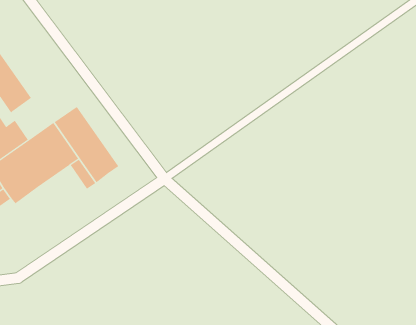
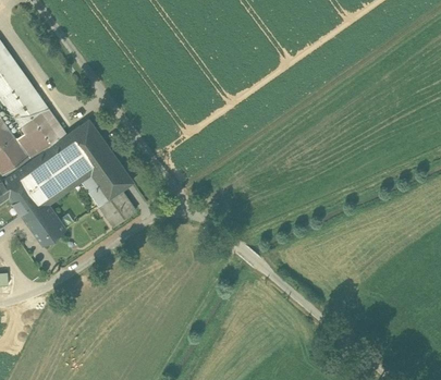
building: none -> [21,110,62,154]
building: none -> [99,188,136,225]
building: none -> [25,203,66,245]

